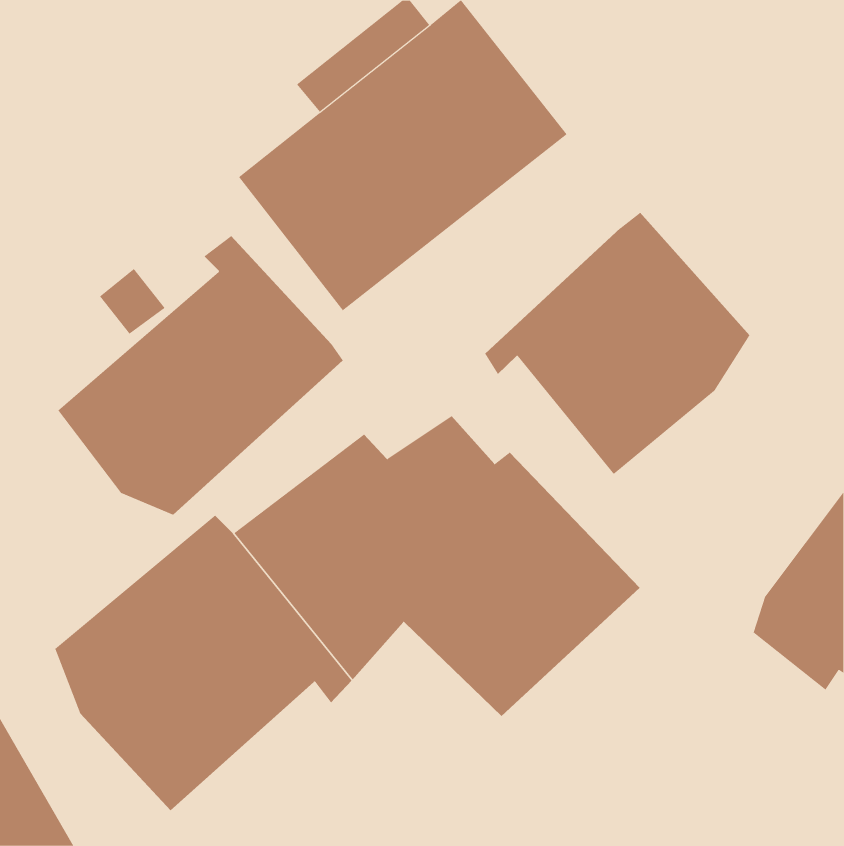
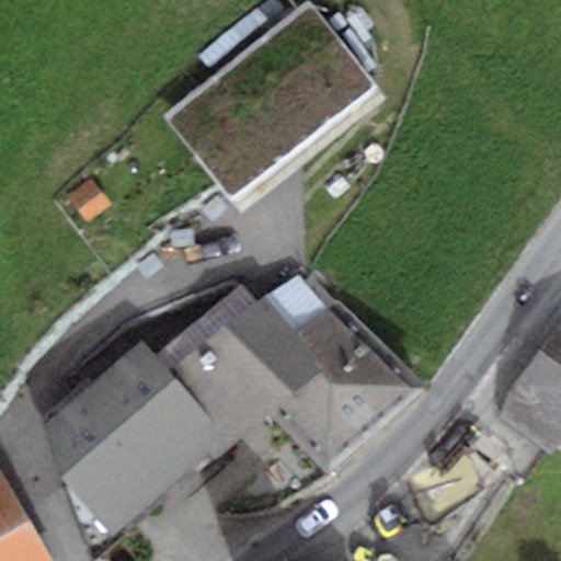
building: [484,212,750,475] -> none
building: [57,235,343,515] -> none

